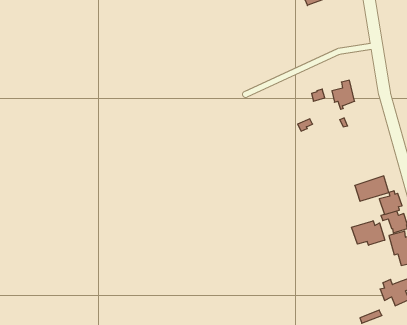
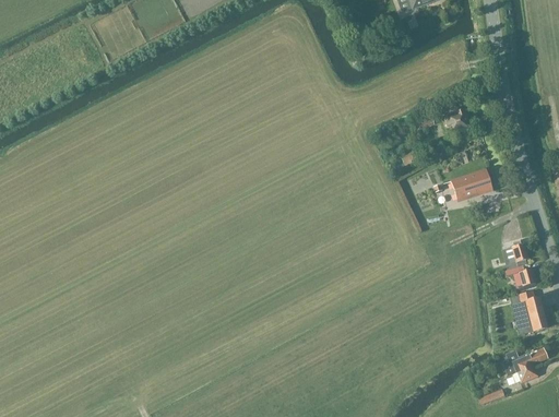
building: [355,176,389,201] -> [450,169,492,201]
building: [352,221,385,245] -> none

